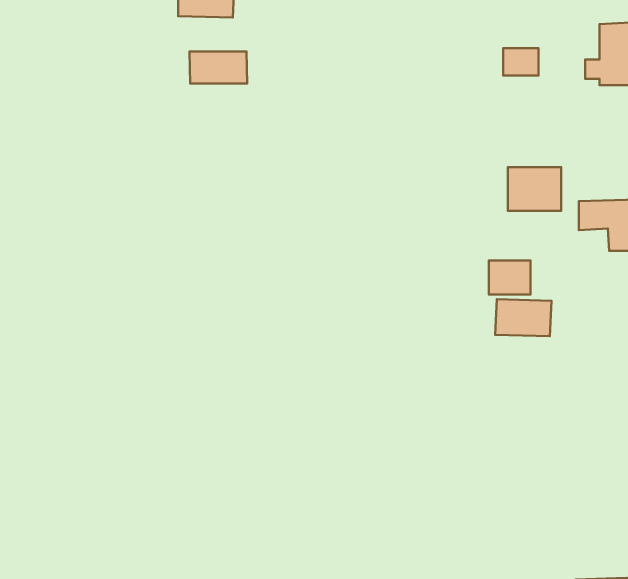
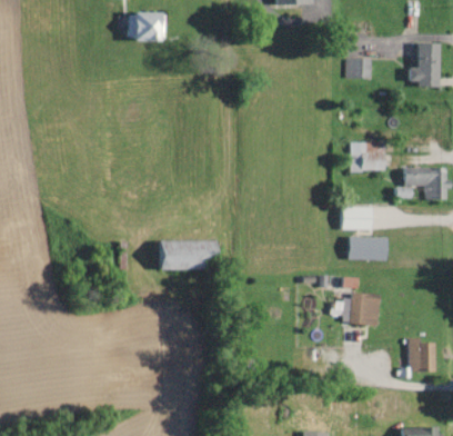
building: [190,51,247,83] -> none
building: none -> [165,240,223,270]
building: none -> [349,291,378,325]
building: none -> [405,337,432,373]

